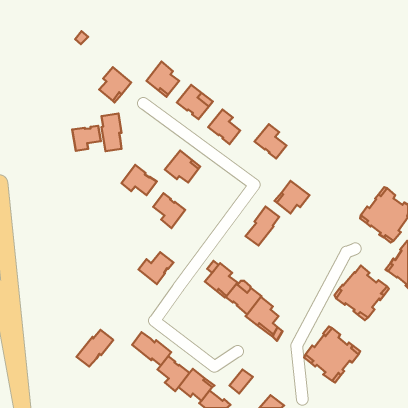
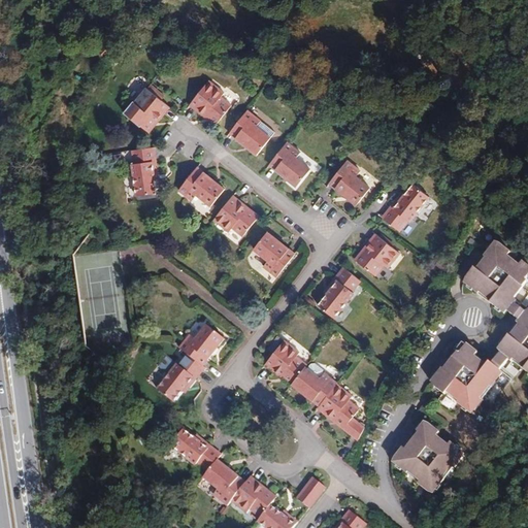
building: [72,126,101,151] -> none
building: none -> [382,183,429,230]
building: [122,165,157,195] -> [178,166,224,205]
building: [153,193,185,228] -> [253,231,294,276]
building: [76,330,113,366] -> [156,354,203,401]

